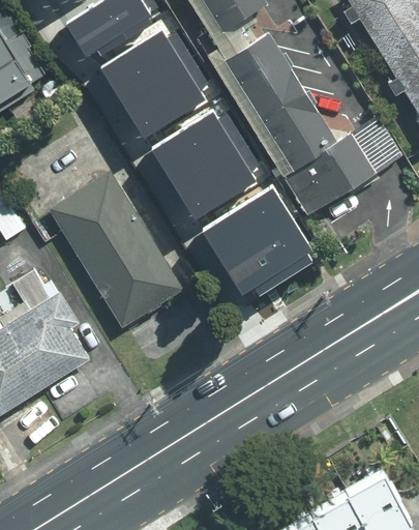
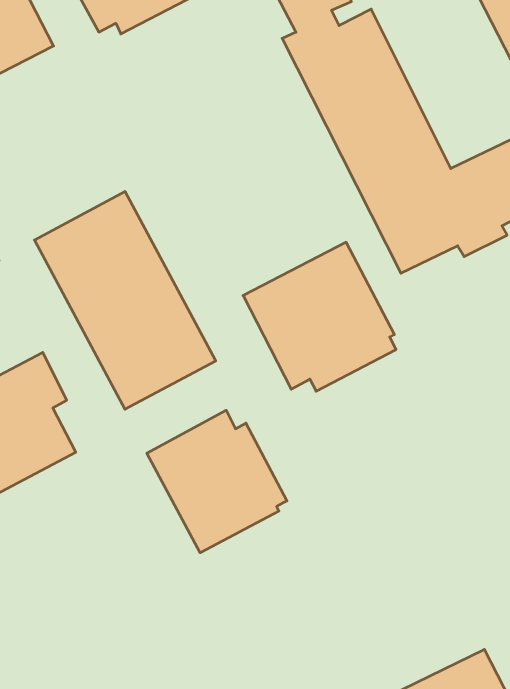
building: [97,33,202,141] -> none
building: [148,115,252,223] -> none
building: none -> [147,410,287,553]

